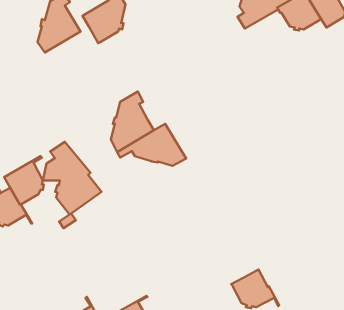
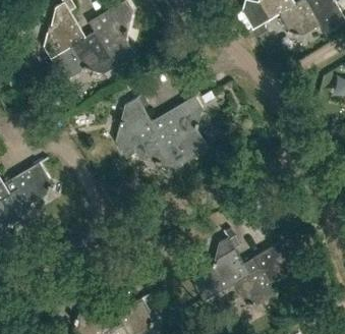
building: none -> [52,32,116,75]
building: none -> [163,90,206,160]
building: [43,142,102,228] -> none
building: none -> [193,236,250,300]
building: none -> [253,237,292,285]

